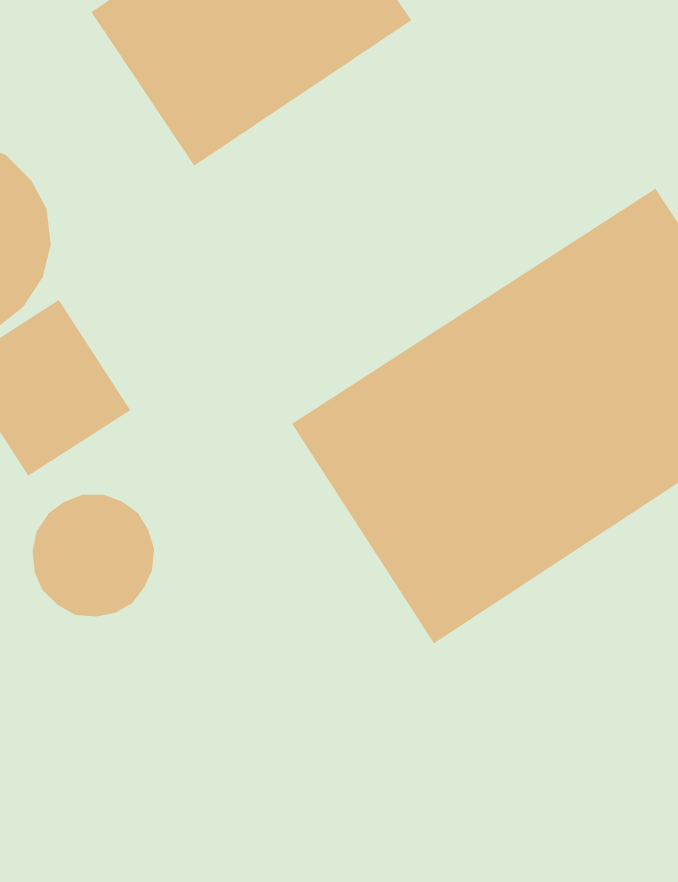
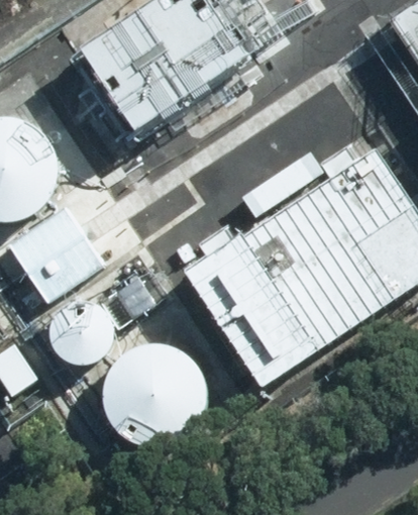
building: none -> [105,343,209,446]

